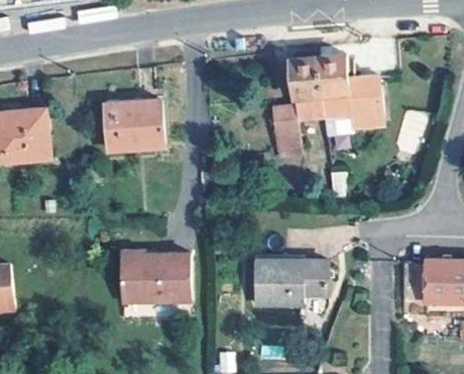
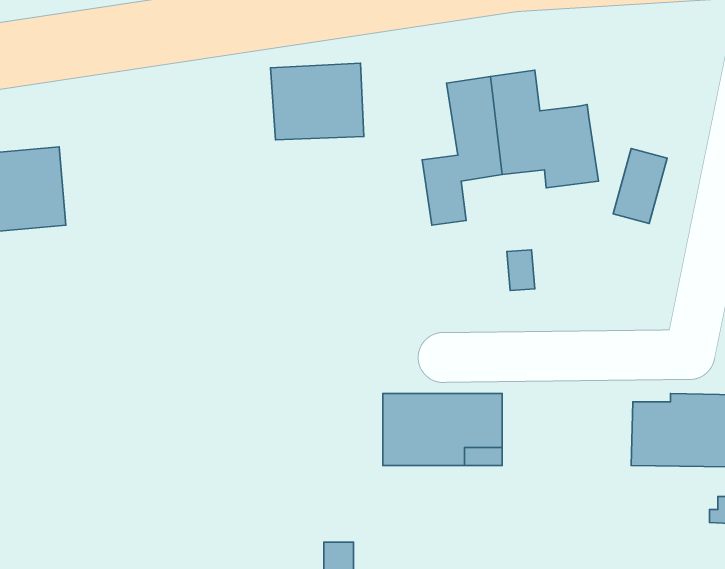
building: [107,103,164,151] -> [271,63,364,140]
building: [120,252,187,301] -> none

